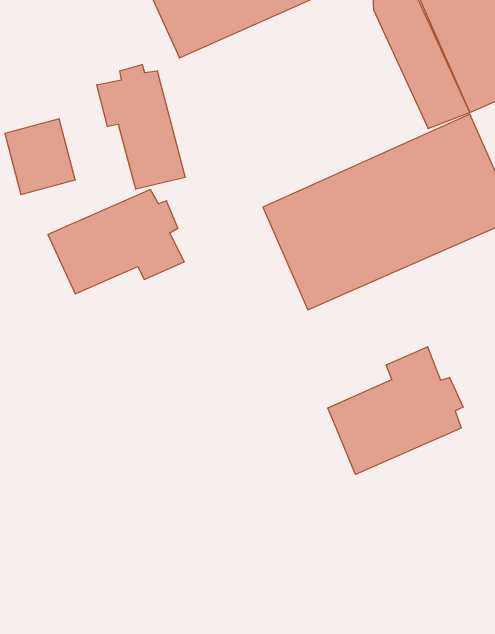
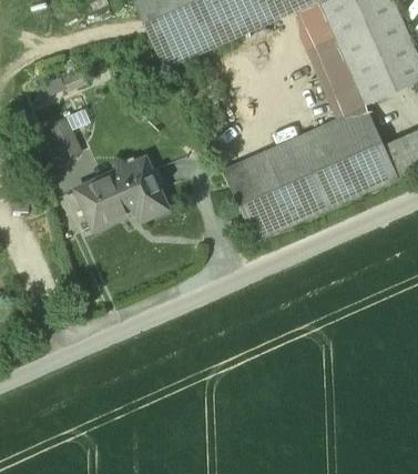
building: [97,64,185,189] -> none
building: [328,347,463,474] -> none

